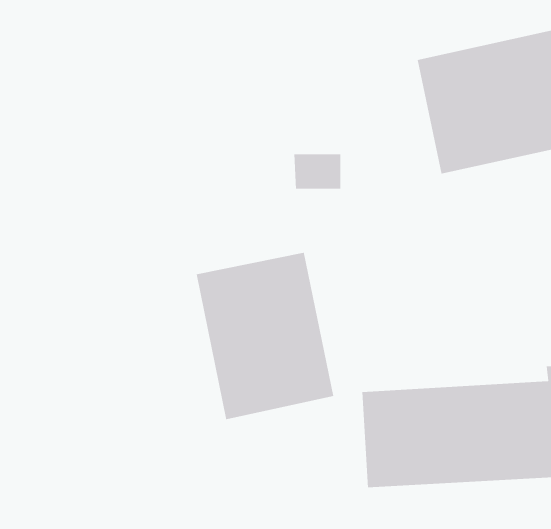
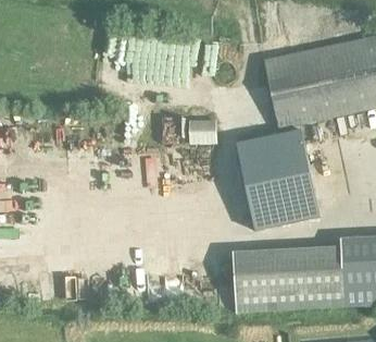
building: [196,252,334,420] -> [236,130,317,229]

